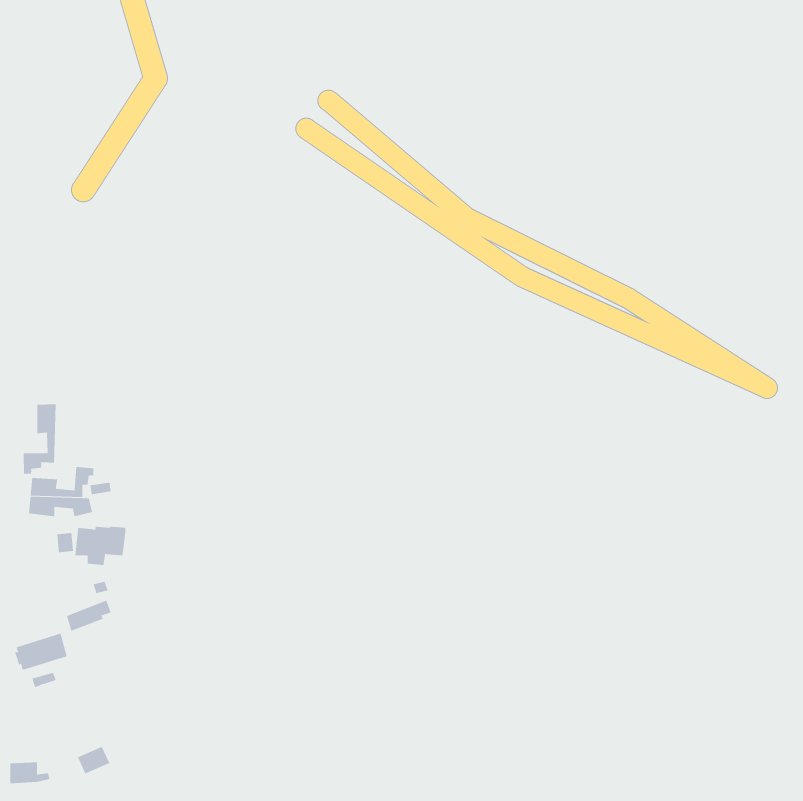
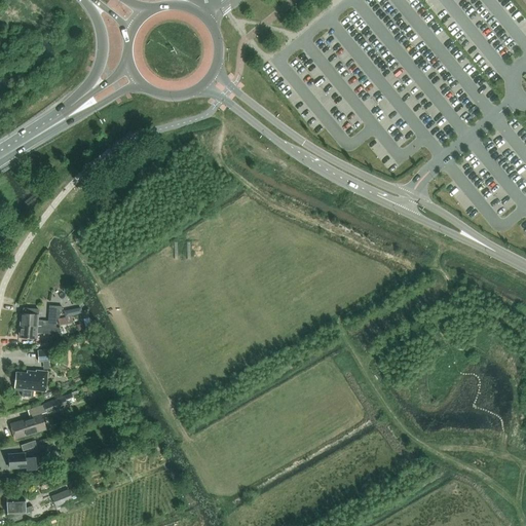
building: [23,404,56,475] -> none
building: [74,526,126,565] -> [13,370,47,396]
building: none -> [8,451,36,467]

